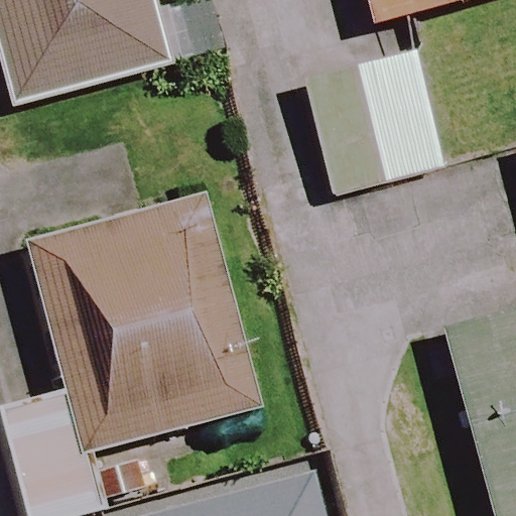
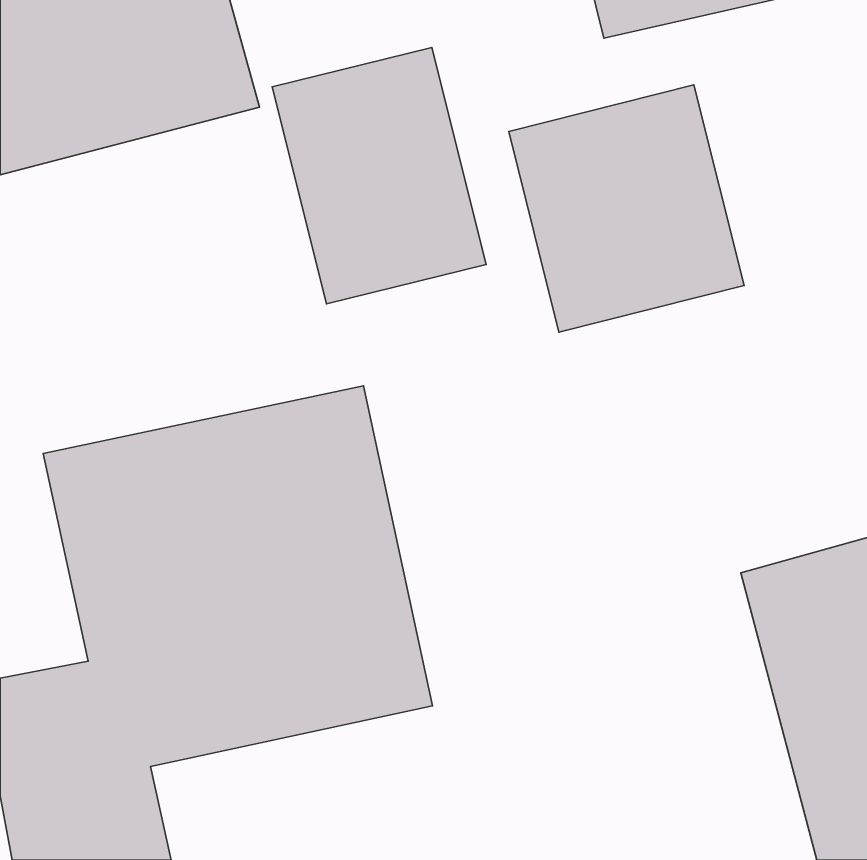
building: none -> [272,47,486,304]

